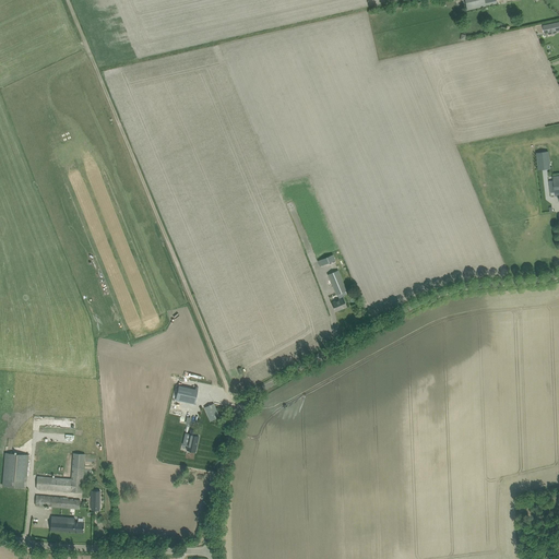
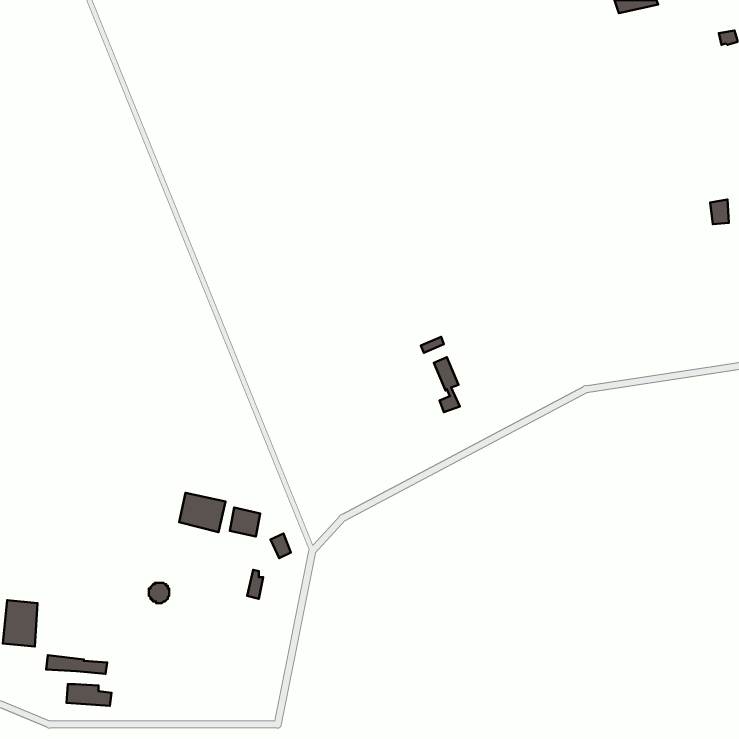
building: none -> [179,493,225,532]
building: [36,453,85,492] -> none

